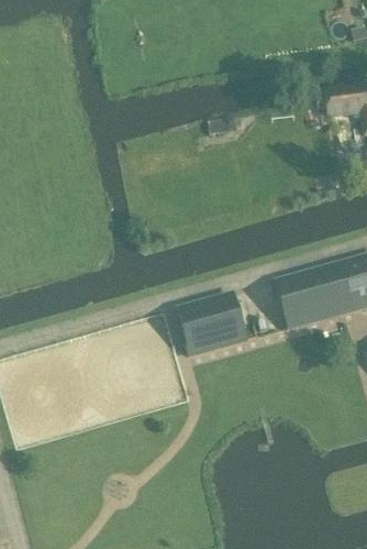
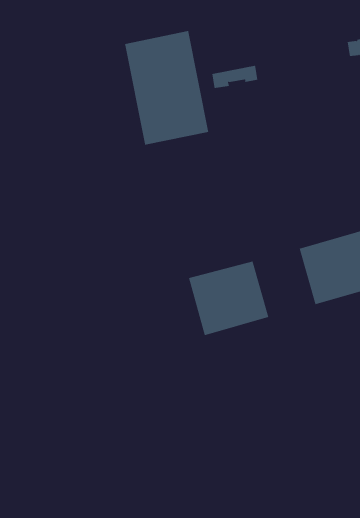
building: none -> [124,30,209,146]

